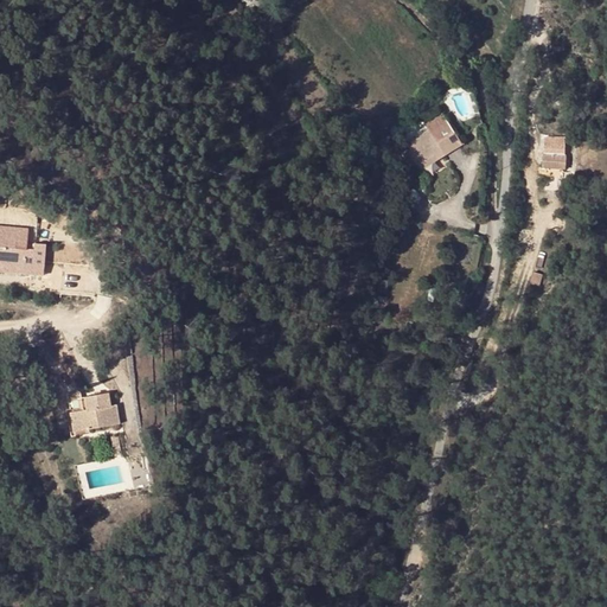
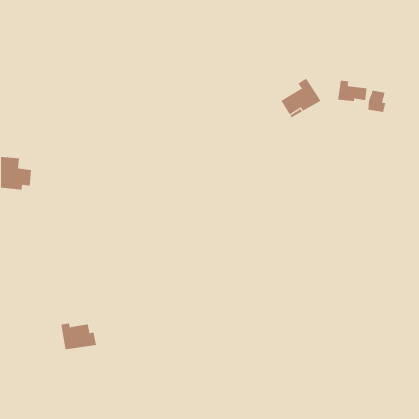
building: none -> [337,80,367,102]
building: [68,392,120,432] -> [61,323,97,350]

